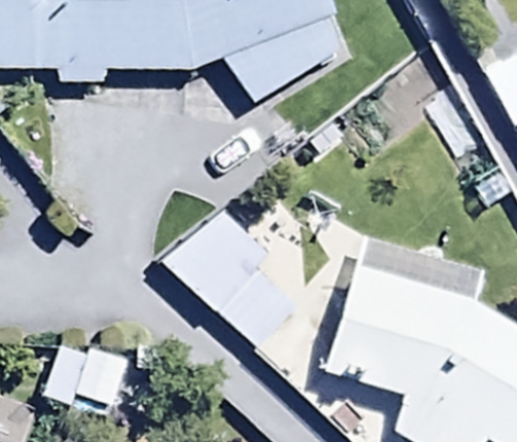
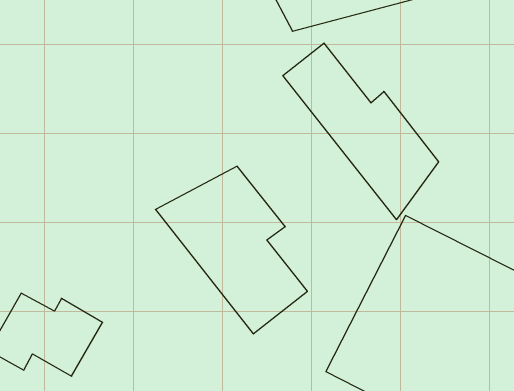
building: none -> [283,43,439,220]

